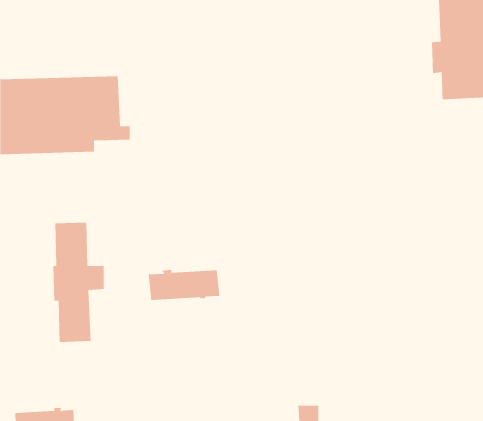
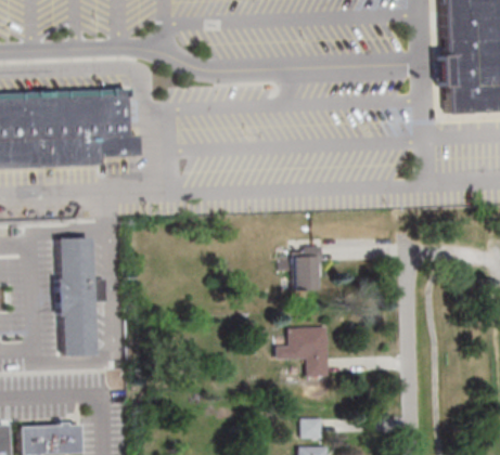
building: none -> [293,245,322,289]
building: [148,269,220,301] -> none
building: none -> [290,327,330,376]

